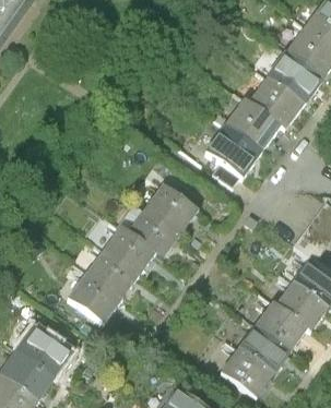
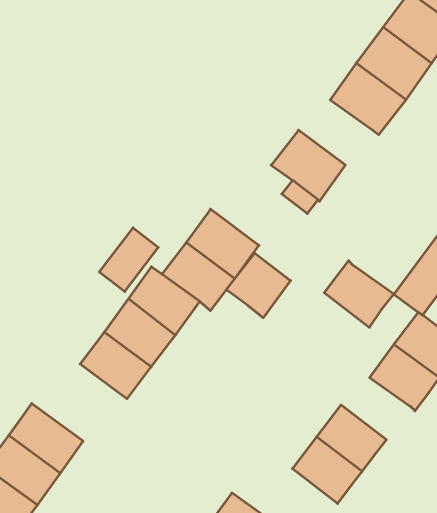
building: [224,104,277,154] -> none
building: none -> [99,228,158,292]
building: none -> [226,253,291,318]
building: [255,303,305,351] -> [324,261,394,327]

